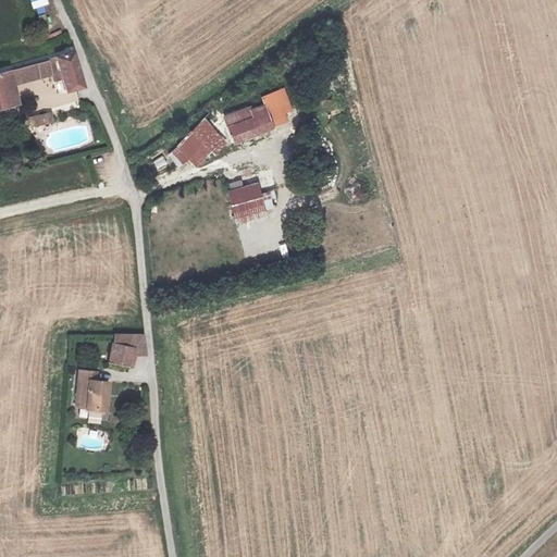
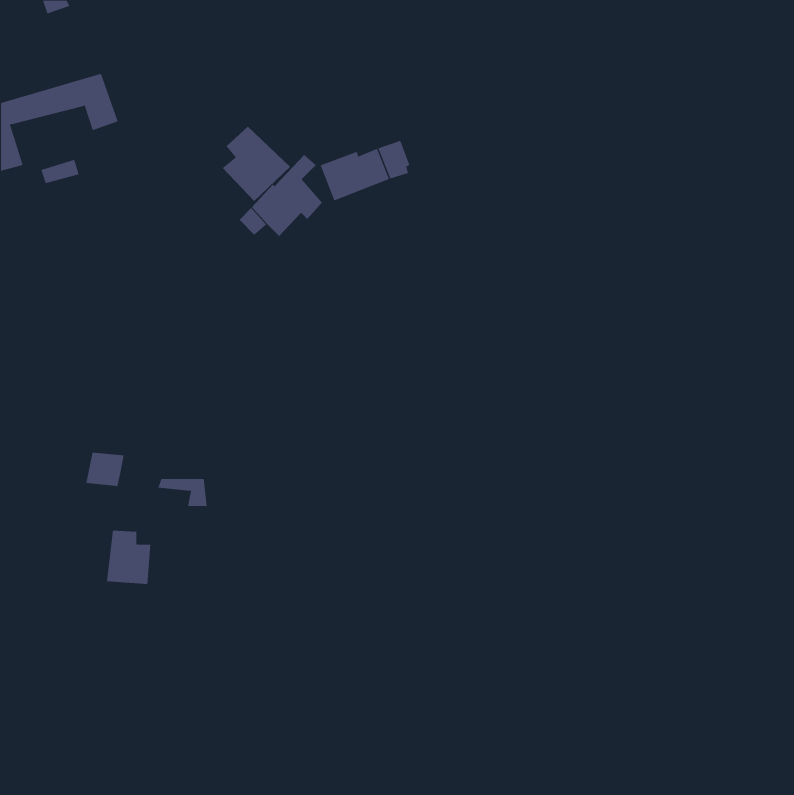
building: none -> [222,126,291,202]
building: [230,182,274,224] -> none
building: [108,342,135,366] -> [85,452,124,486]

